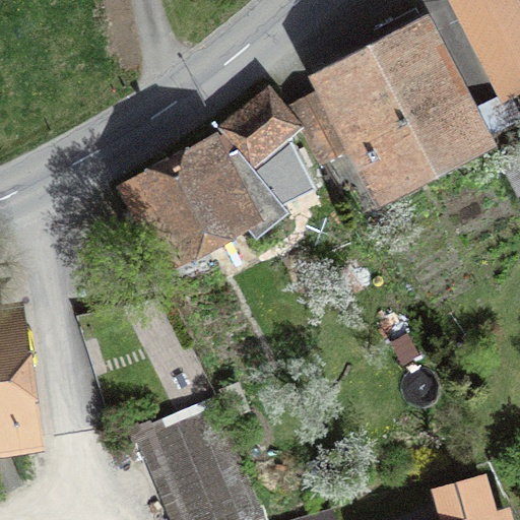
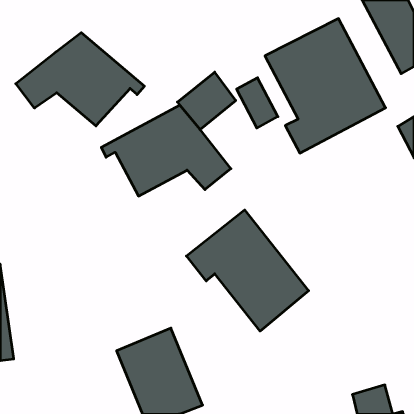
building: none -> [16,33,144,126]
building: none -> [186,210,309,331]

